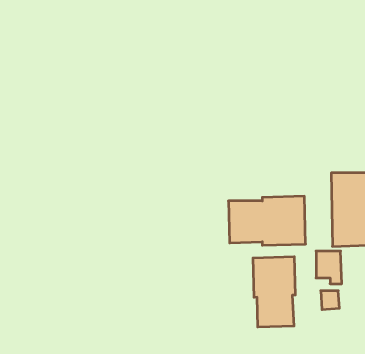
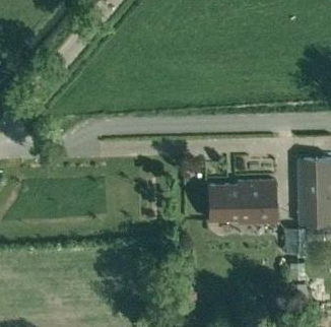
building: [253,257,295,327] -> none

